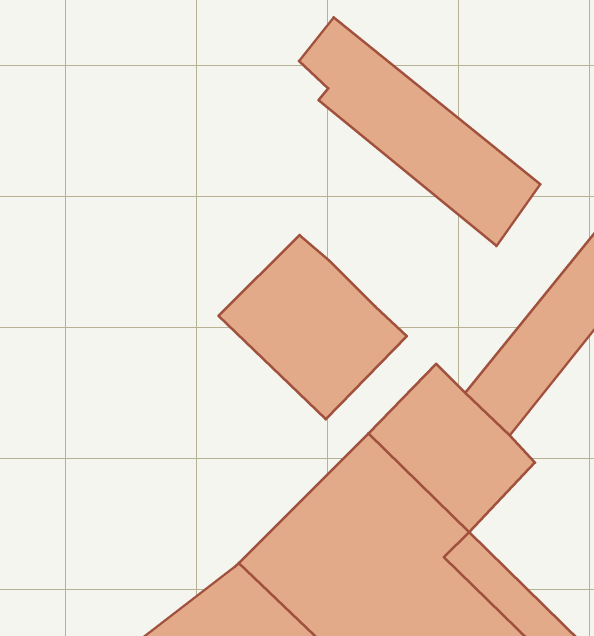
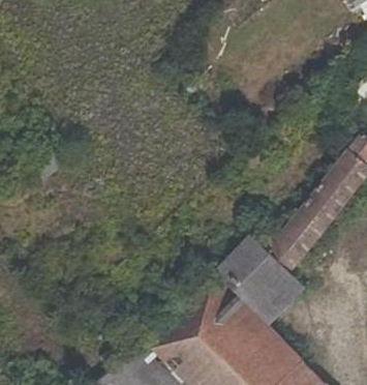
building: [299,17,540,246] -> none
building: [219,235,407,419] -> none

